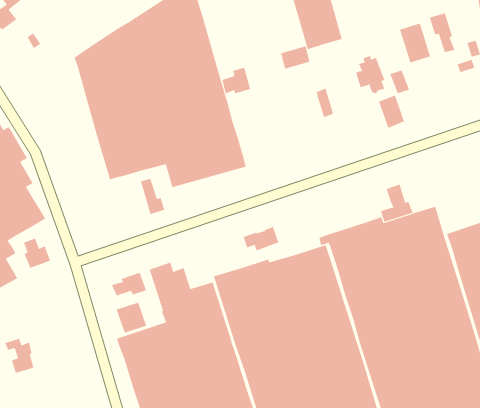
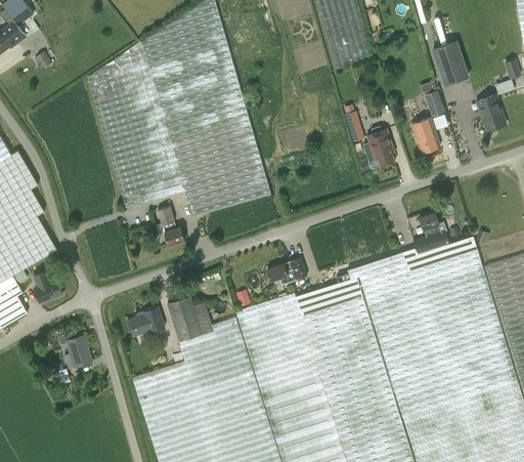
building: [429,12,455,53] -> none
building: [280,45,310,69] -> none
building: [355,55,385,94] -> [363,127,395,168]
building: [222,67,251,94] -> none
building: none -> [476,95,506,130]
building: [116,302,147,334] -> none
building: [5,338,34,373] -> [57,332,89,370]

